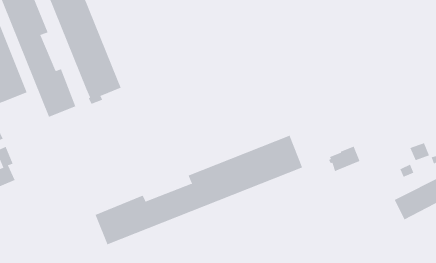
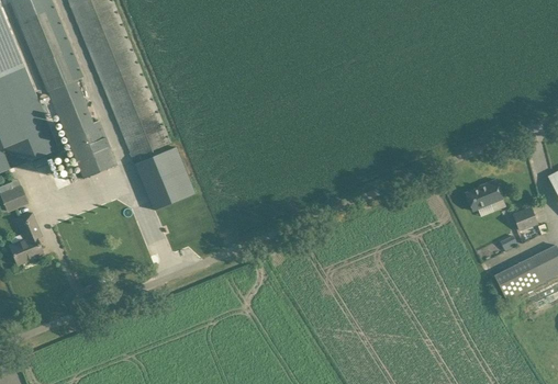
building: none -> [134,146,194,210]
building: [95,135,303,245] -> none
building: [328,146,360,172] -> [464,179,502,210]

